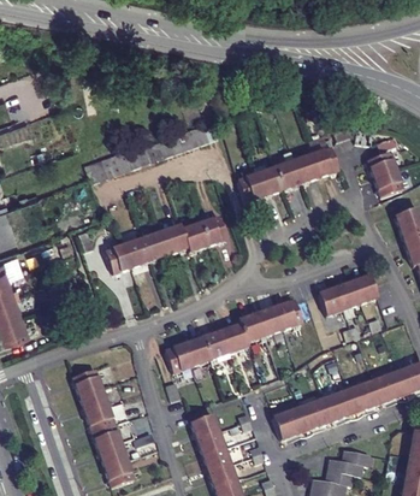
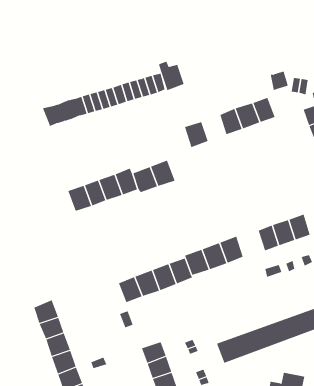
building: [255,164,284,196] -> [158,61,184,91]

